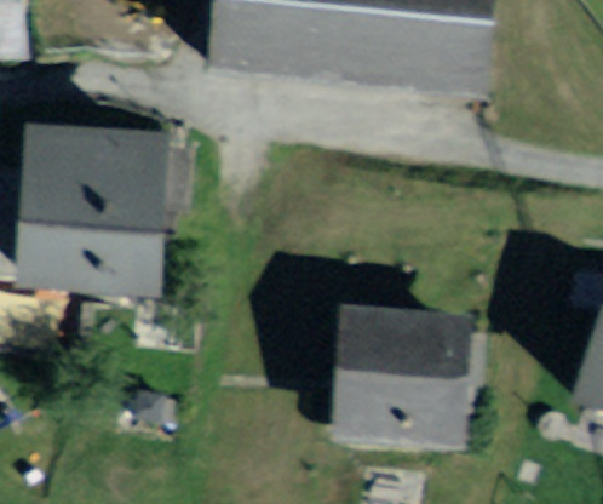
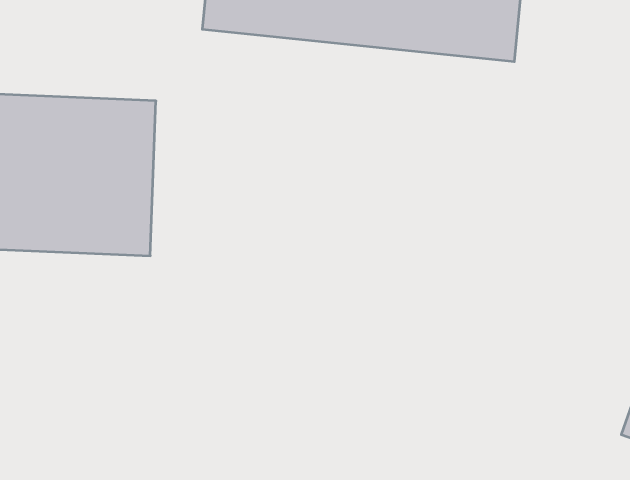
building: [335,304,455,429] -> none

